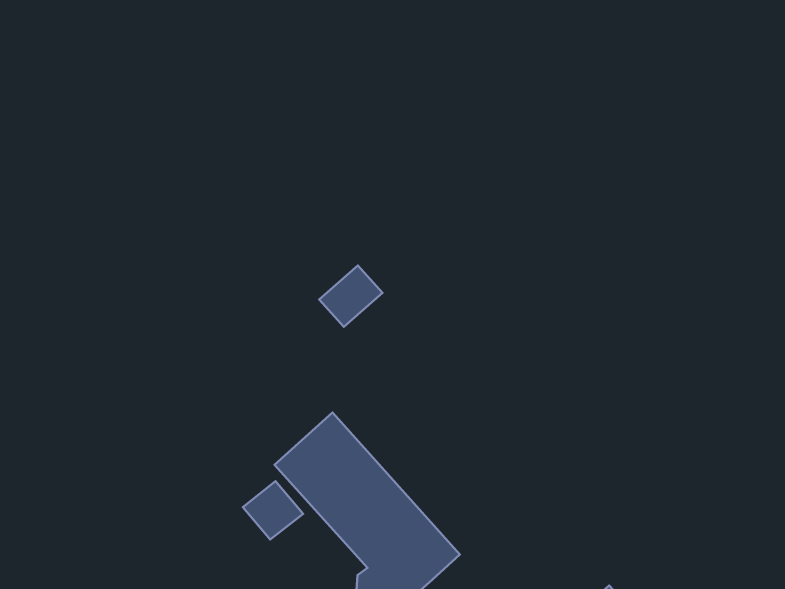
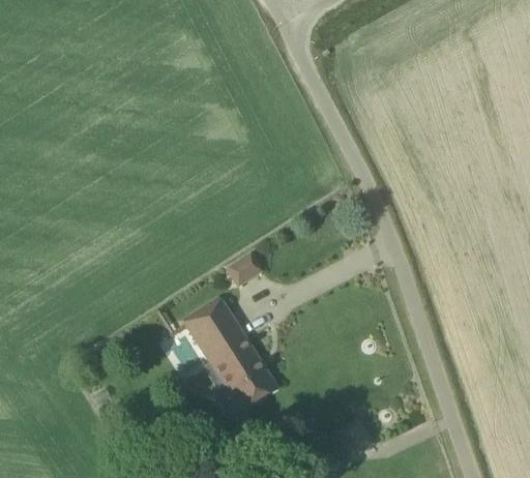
building: [319,265,383,327] -> [228,251,264,285]

